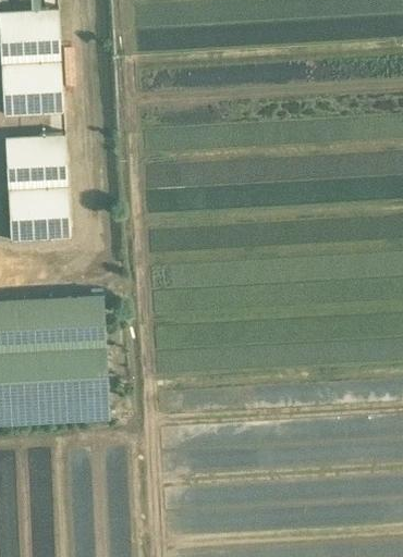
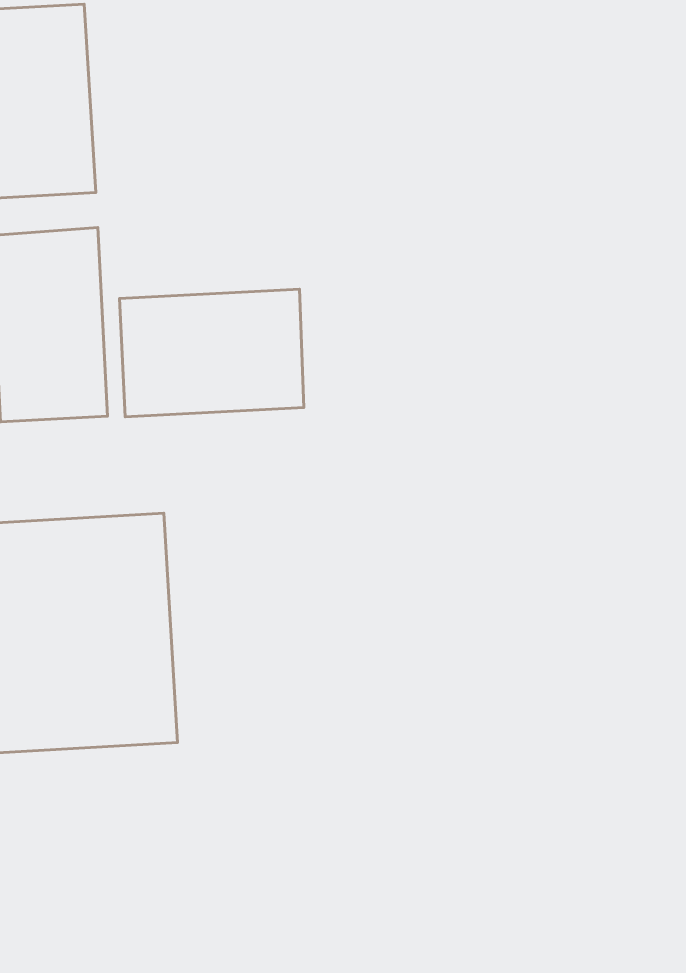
building: none -> [119,289,304,417]

